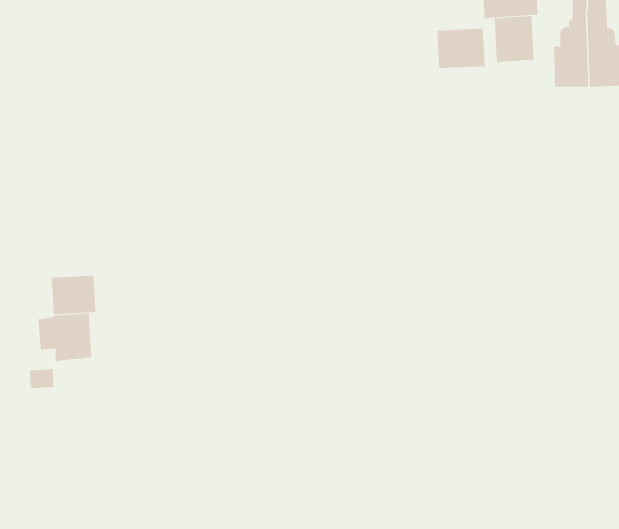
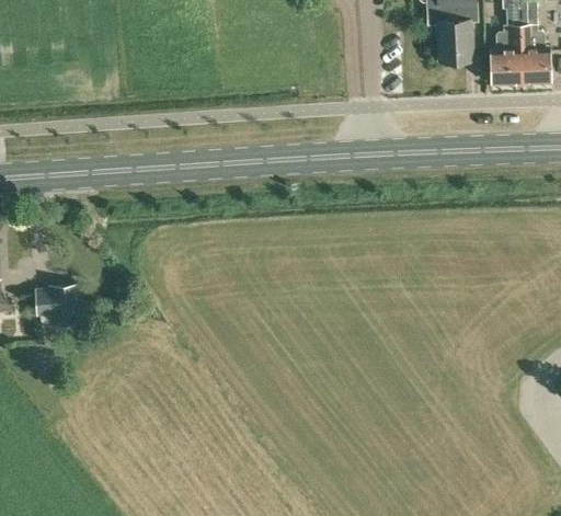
building: [437,28,485,69] -> none
building: [51,275,96,315] -> none

